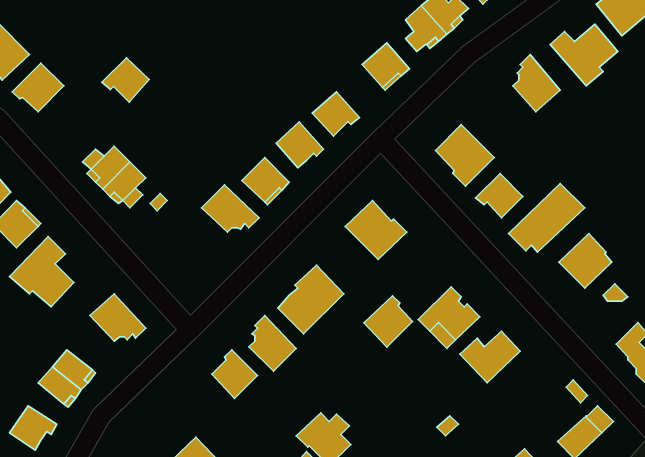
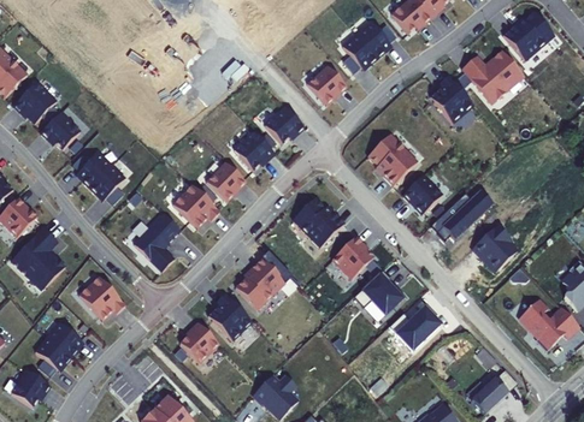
building: [102,58,149,102] -> [40,112,79,149]
building: none -> [134,213,181,271]
building: [364,296,413,347] -> [332,236,373,279]

